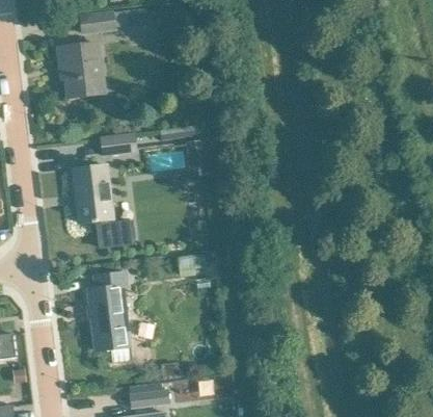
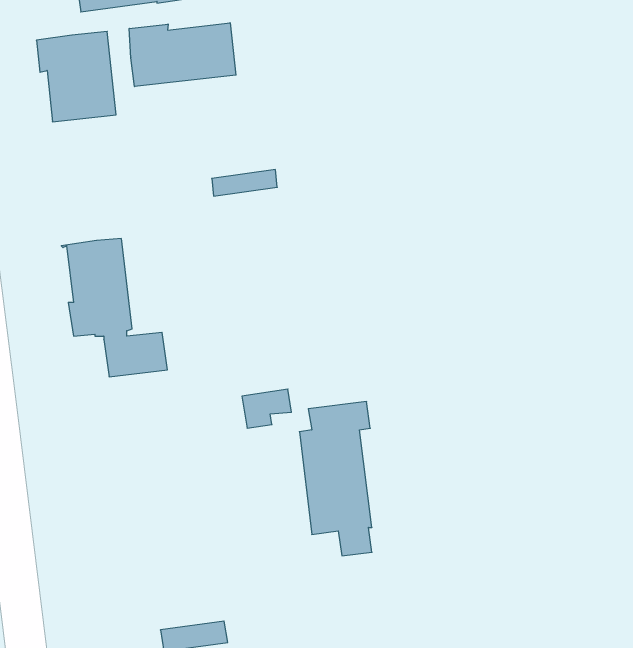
building: none -> [129,23,236,87]
building: [101,133,135,154] -> none
building: [86,271,129,362] -> [299,402,372,556]

